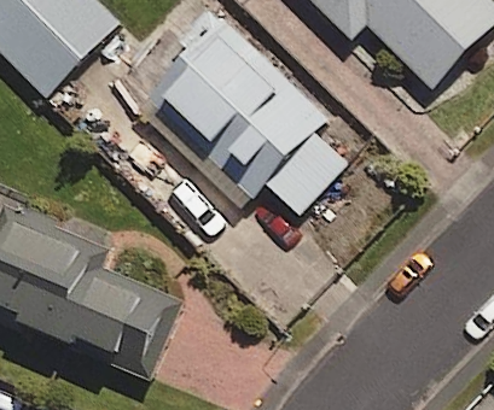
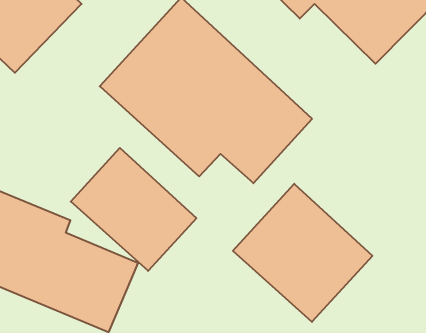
building: none -> [71,148,196,271]
building: none -> [233,184,372,322]

